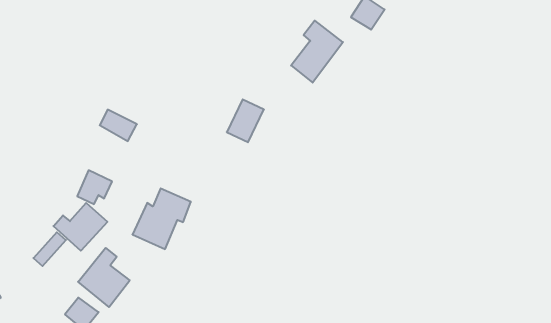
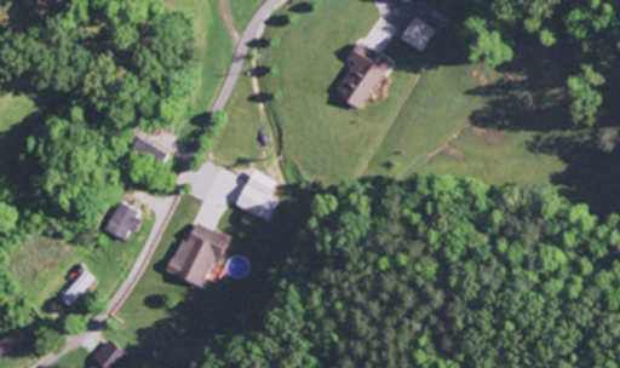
building: [227,99,264,142] -> [236,169,276,215]
building: [53,203,107,251] -> none
building: [78,248,130,307] -> none

